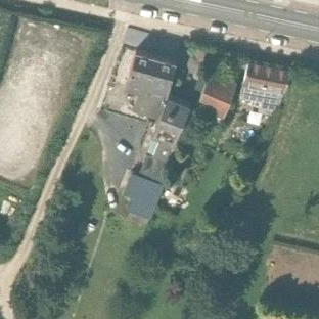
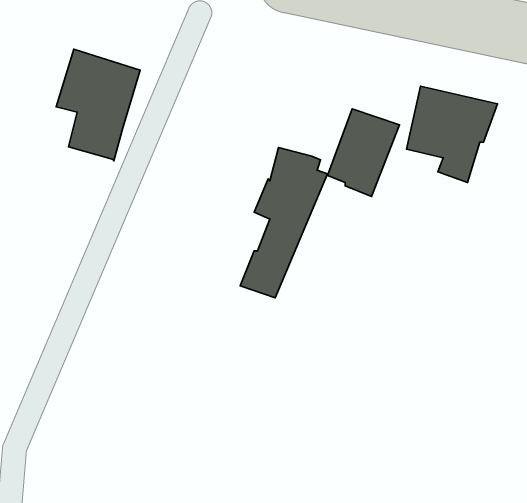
building: [126,51,175,117] -> [56,49,140,161]
building: [122,173,163,220] -> none

